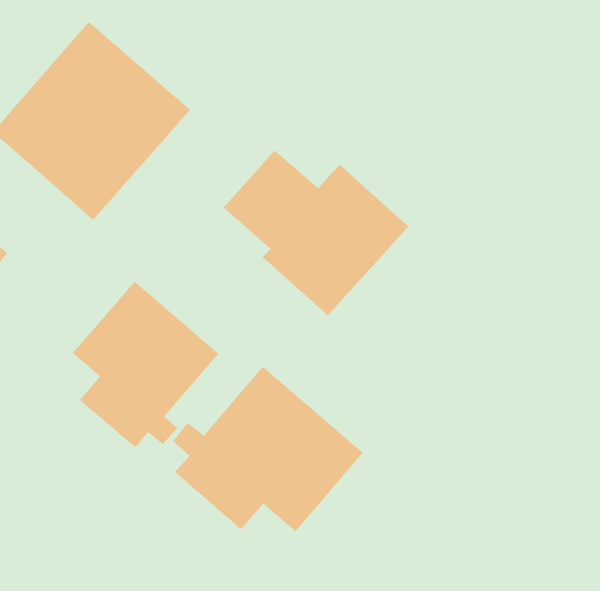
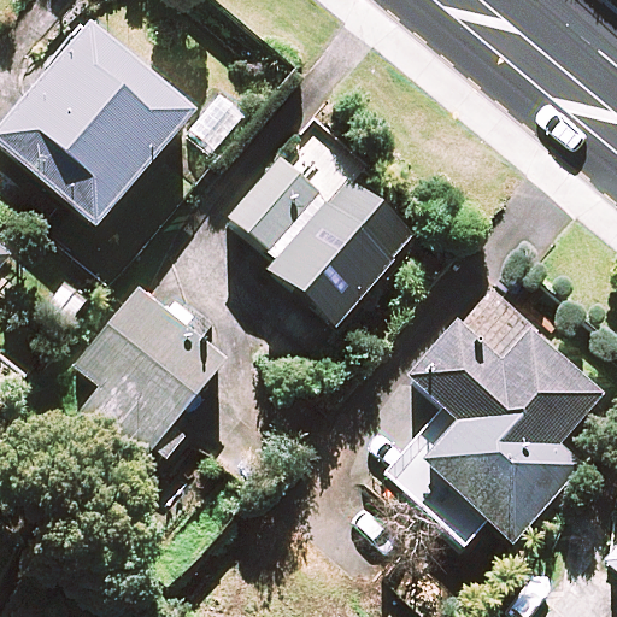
building: none -> [387,289,603,539]
building: [172,366,364,532] -> none

